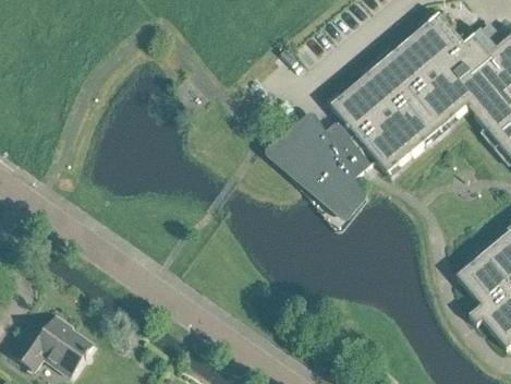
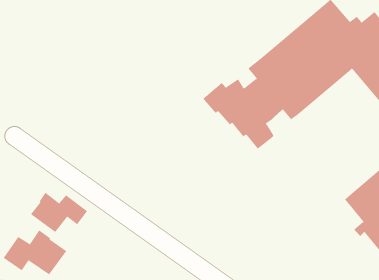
building: none -> [30,192,88,233]

